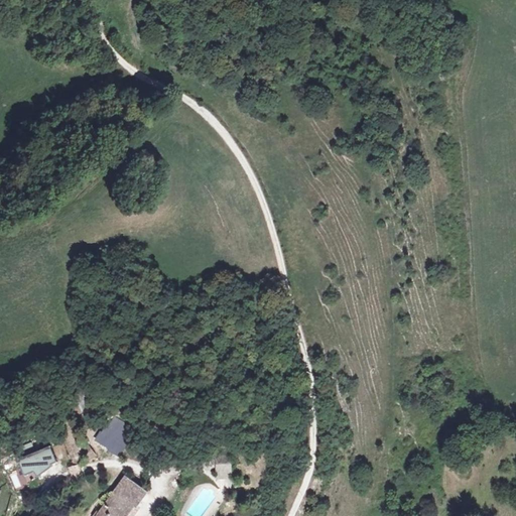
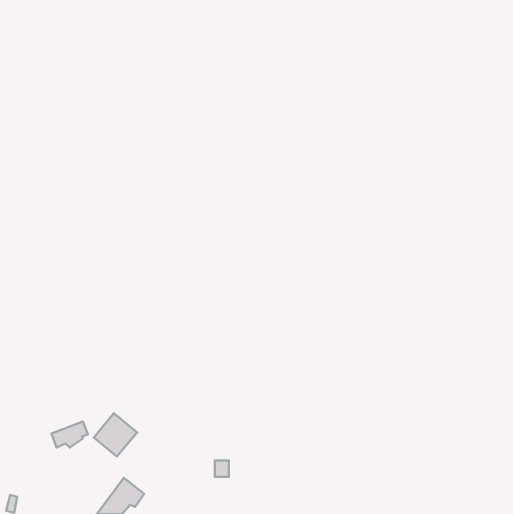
building: [18,446,54,473] -> [52,421,88,448]

